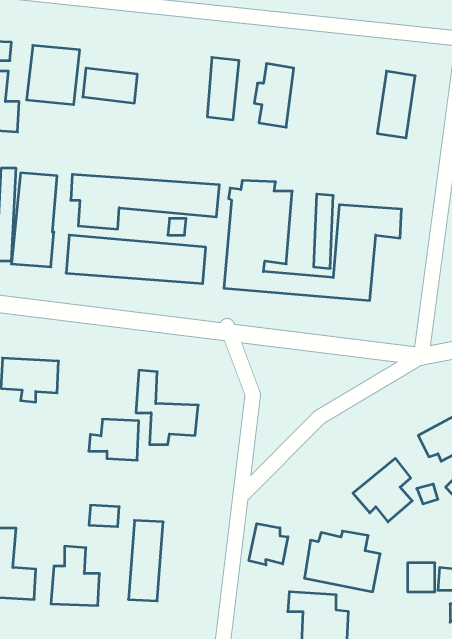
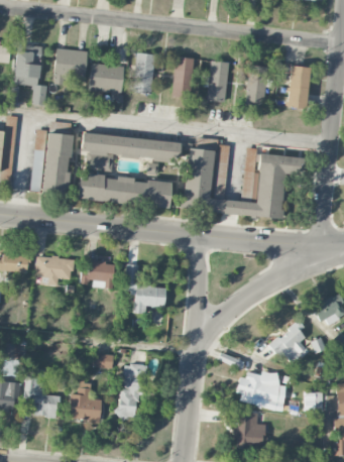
building: none -> [134,53,153,95]
building: none -> [246,66,267,106]
building: [89,419,139,460] -> [81,261,114,288]
building: [249,524,288,565] -> none

